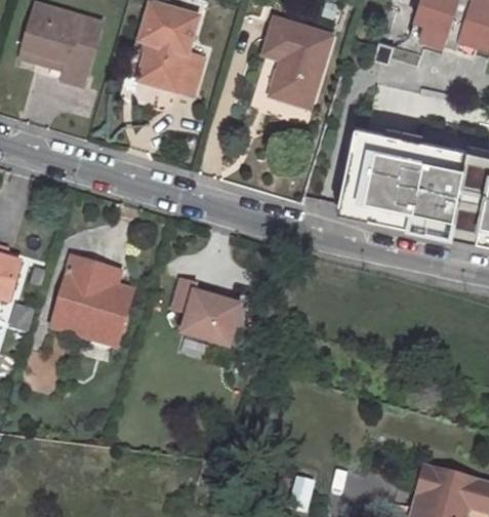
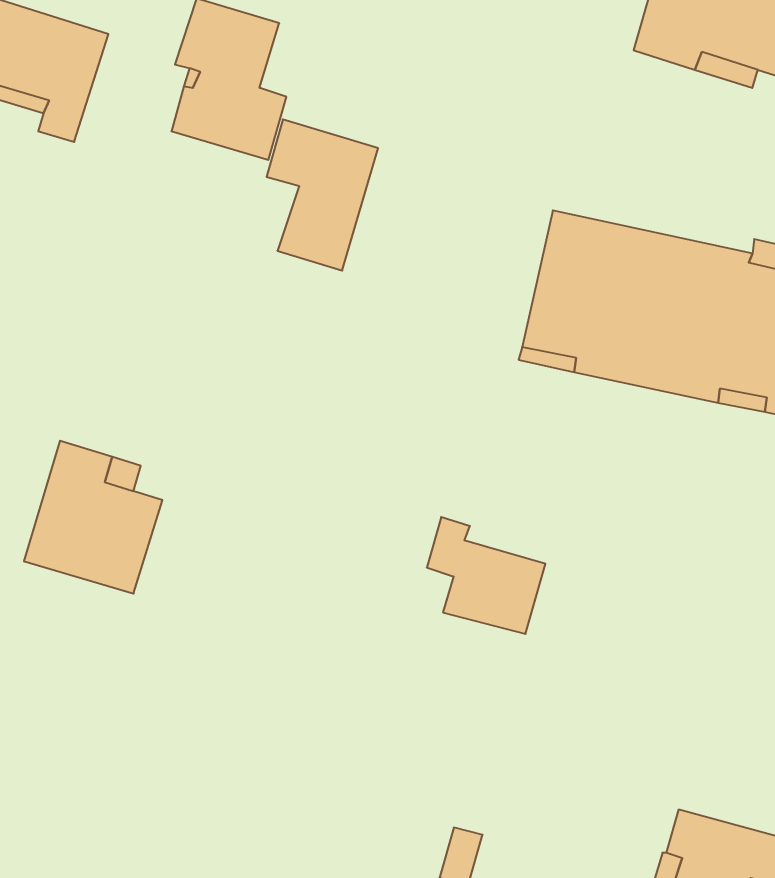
building: [267,22,330,108] -> [267,119,378,271]
building: [173,276,241,343] -> [427,517,545,634]

